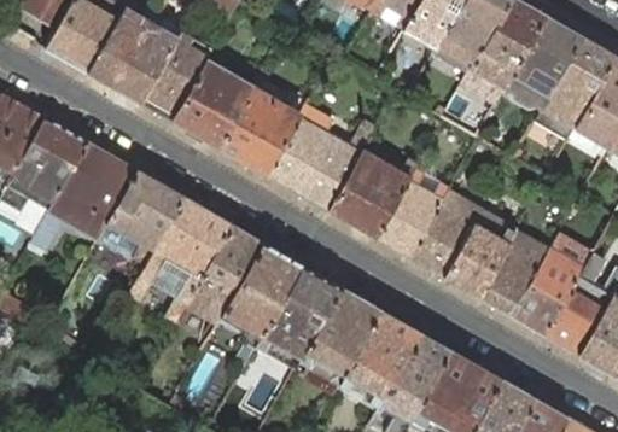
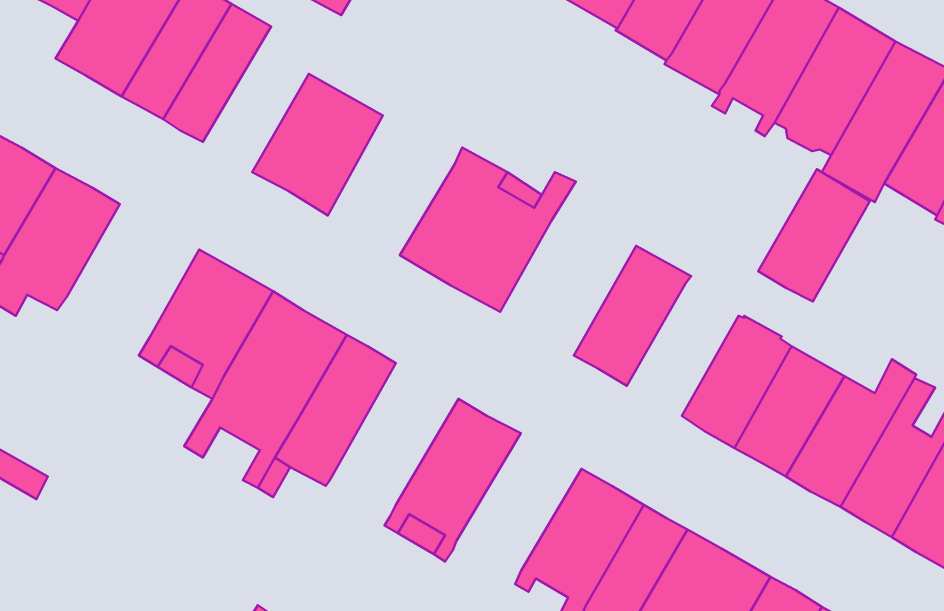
building: [139,40,206,121] -> none
building: [218,56,299,174] -> none
building: [29,141,136,250] -> none
building: [328,152,419,238] -> none
building: [409,192,480,276] -> [758,169,870,301]
building: [220,243,302,366] -> none
building: [298,287,380,392] -> none

